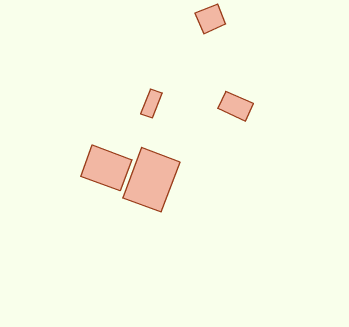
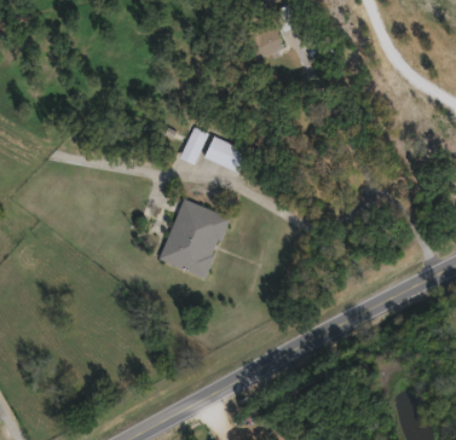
building: [218,91,253,121] -> [203,137,247,173]
building: [81,145,132,191] -> none

